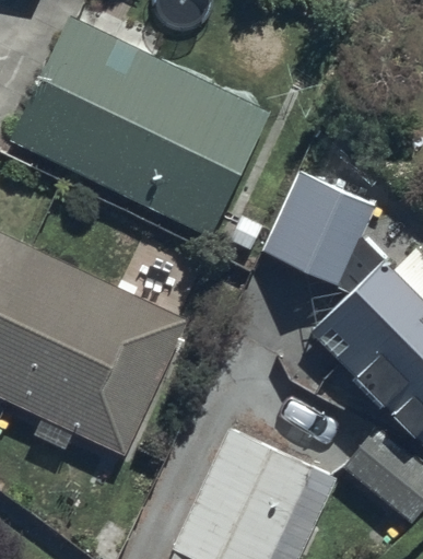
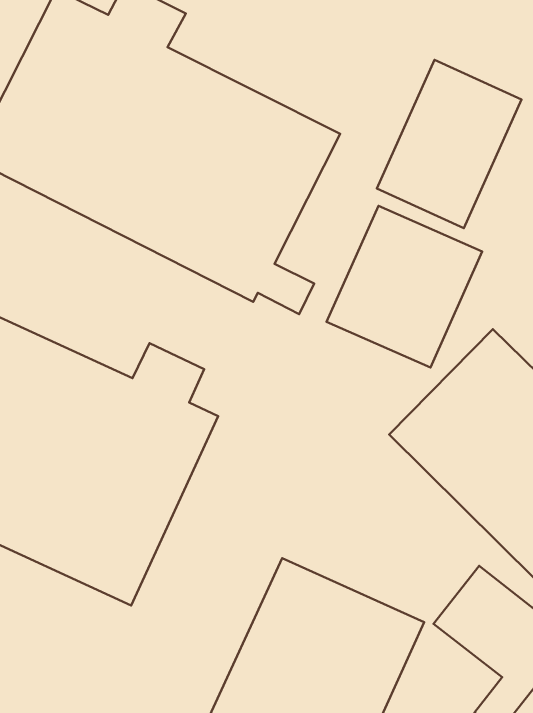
building: none -> [377,60,521,228]

